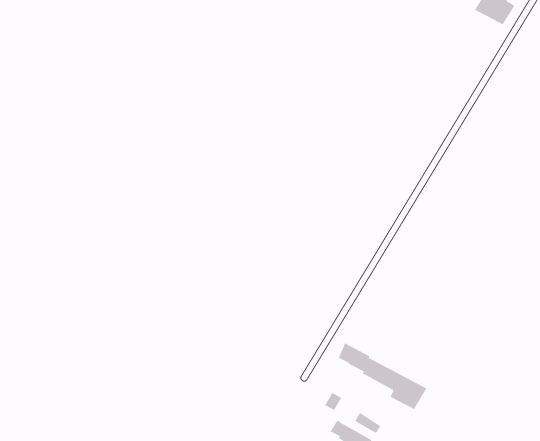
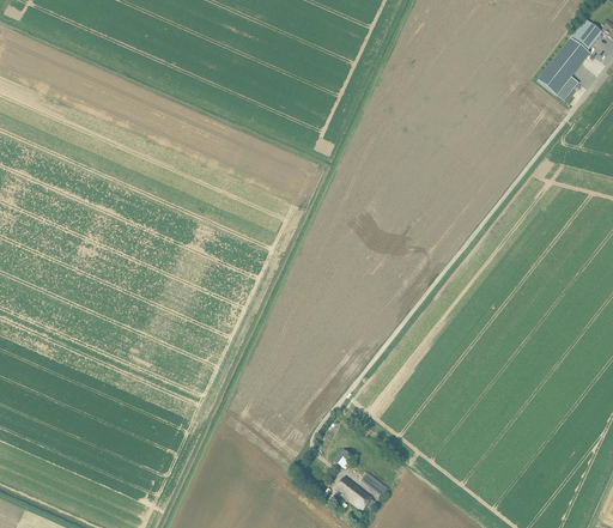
building: [338,343,427,410] -> none

